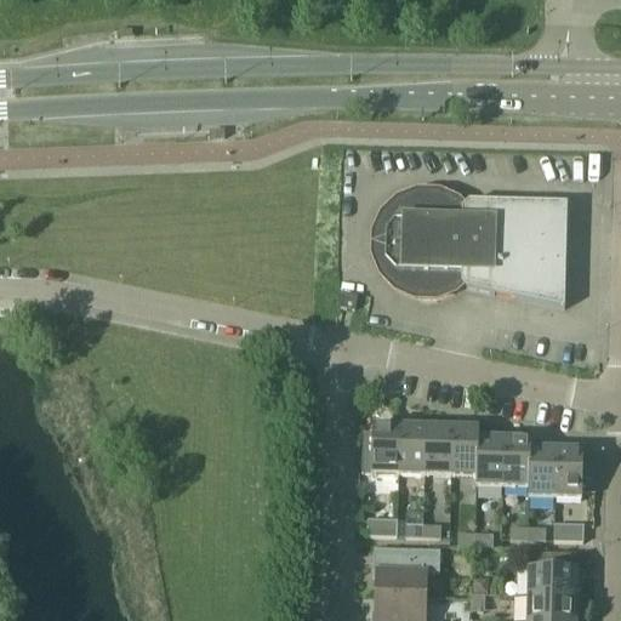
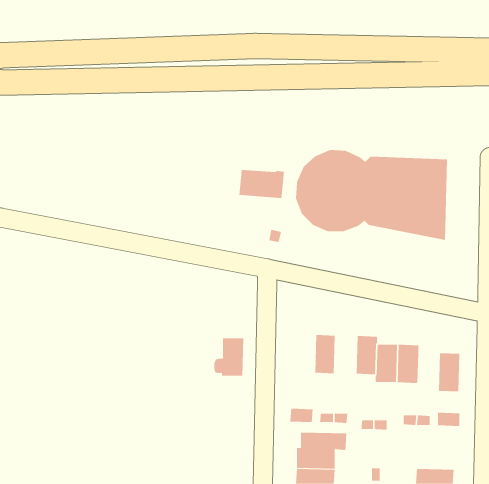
building: none -> [239,169,284,199]
building: [361,423,400,472] -> [213,338,244,376]
building: [425,425,452,473] -> none
building: [529,446,557,495] -> none
building: [528,551,577,594] -> none

